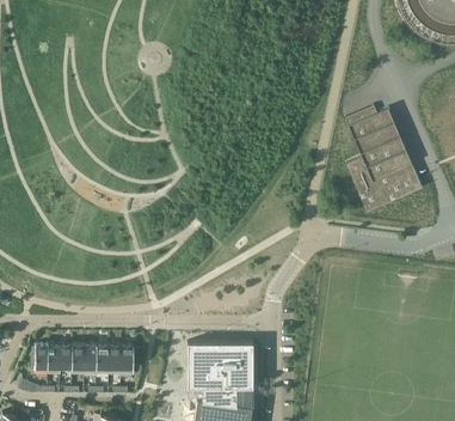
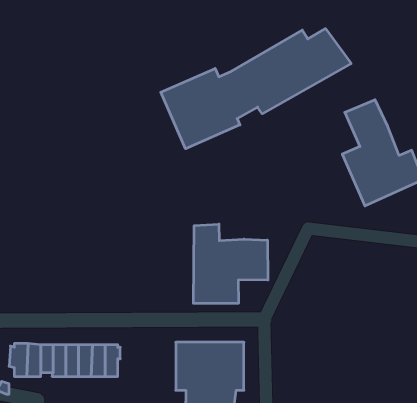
building: none -> [161,29,351,149]
building: none -> [193,224,268,303]

